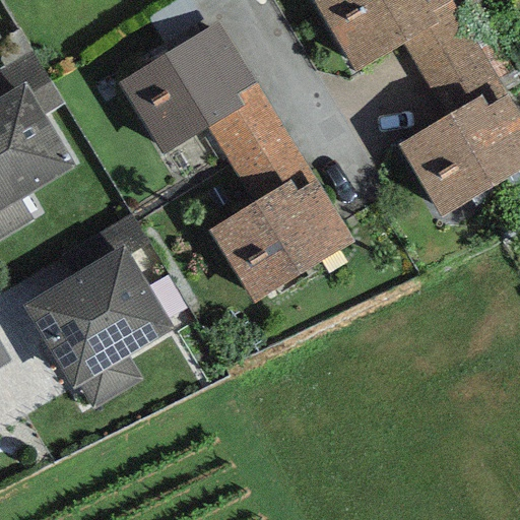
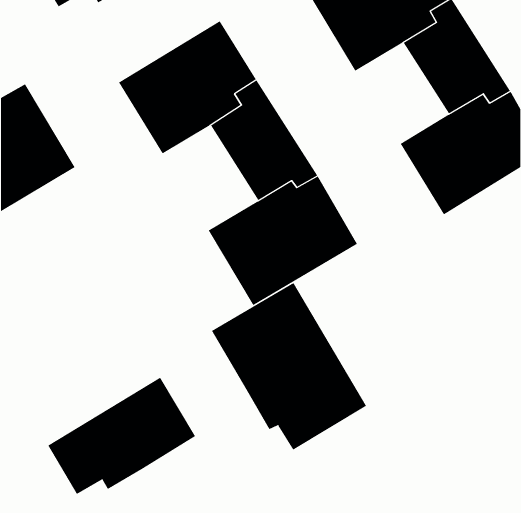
building: [22,244,175,390] -> none
building: none -> [211,282,367,451]
building: none -> [47,377,196,495]

